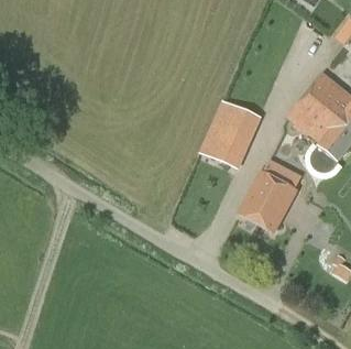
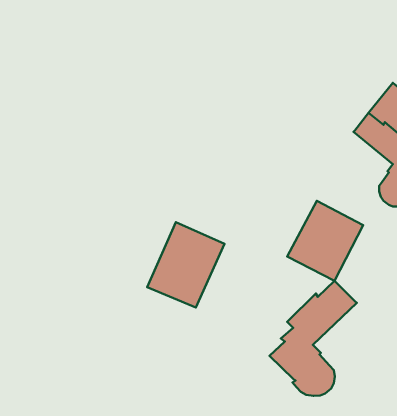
building: [199,98,262,167] -> [147,222,224,307]
building: none -> [270,281,357,396]

